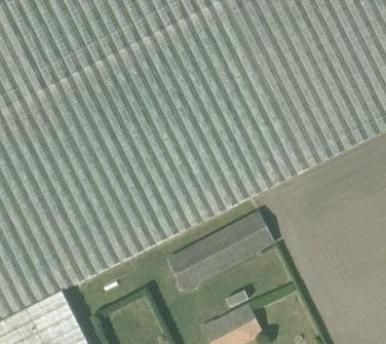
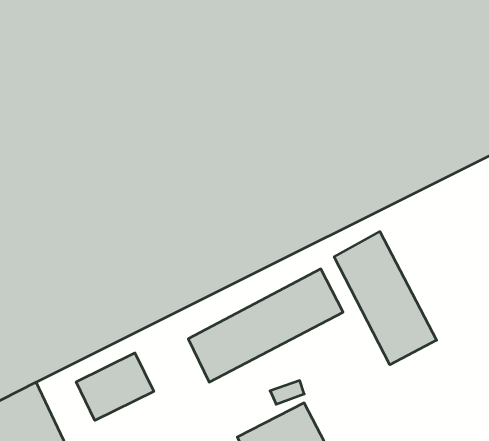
building: none -> [334,232,437,365]
building: none -> [76,353,154,420]

